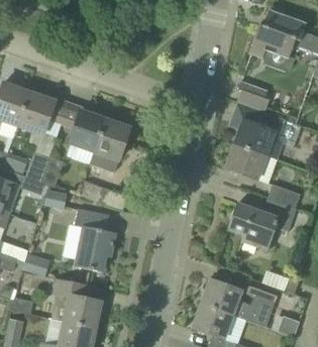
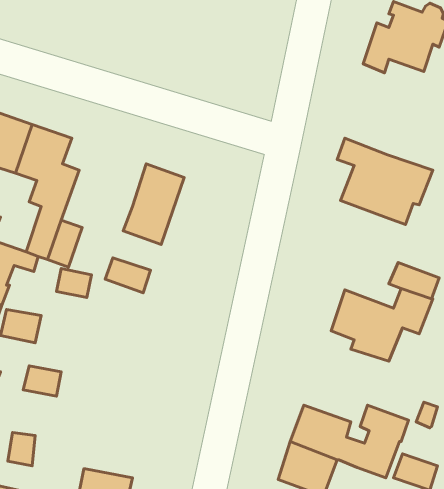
building: [236,81,269,112] -> none
building: [70,110,104,146] -> none
building: [224,142,266,180] -> none
building: [74,208,114,274] -> none
building: [49,278,100,327] -> none

